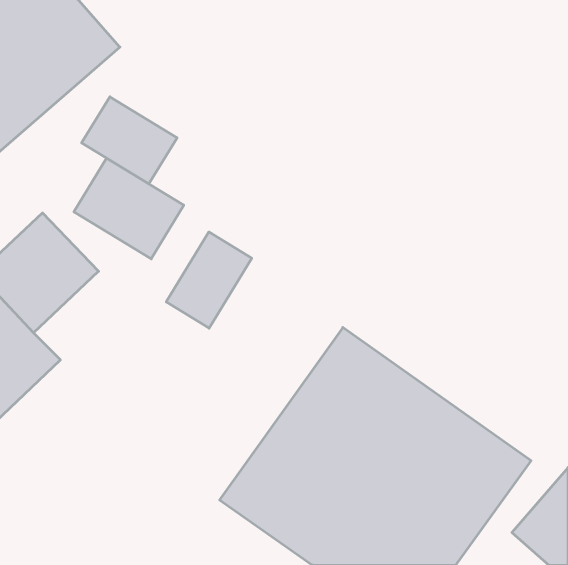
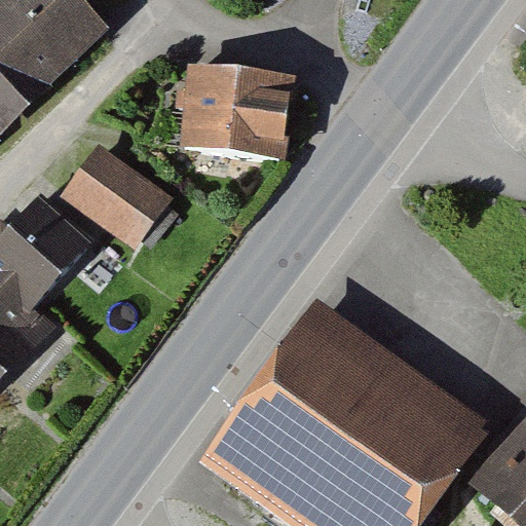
building: none -> [186,64,302,151]
building: [82,97,177,184] -> none
building: [166,232,252,328] -> none

